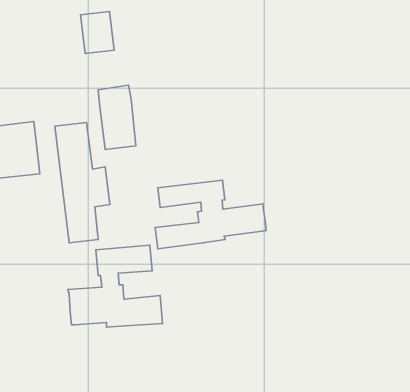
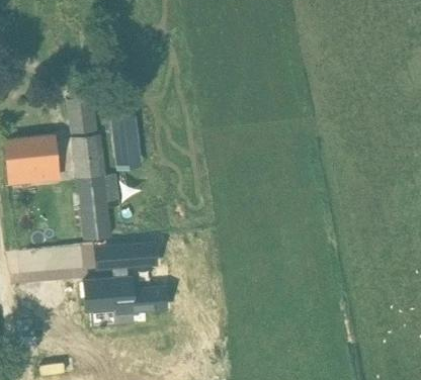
building: [80,11,114,54] -> [67,97,96,133]
building: [155,180,266,249] -> none

